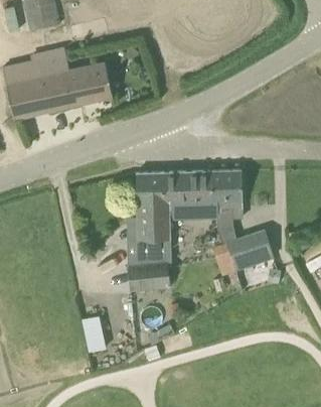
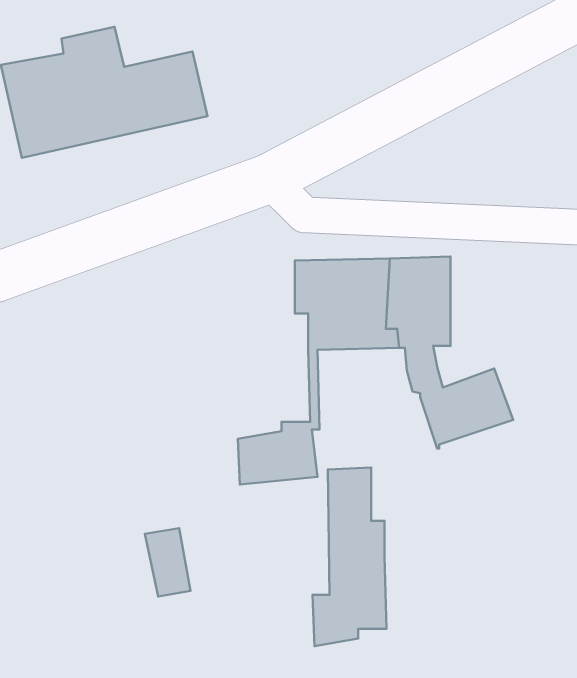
building: [129,172,168,267] -> [313,468,386,646]

